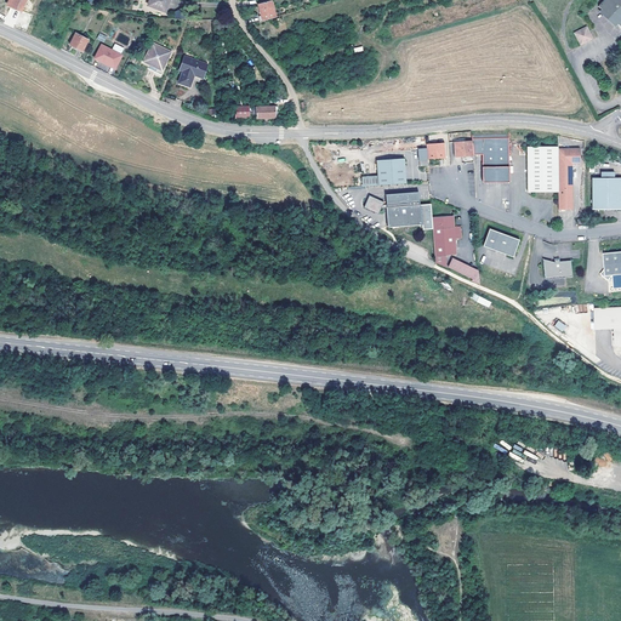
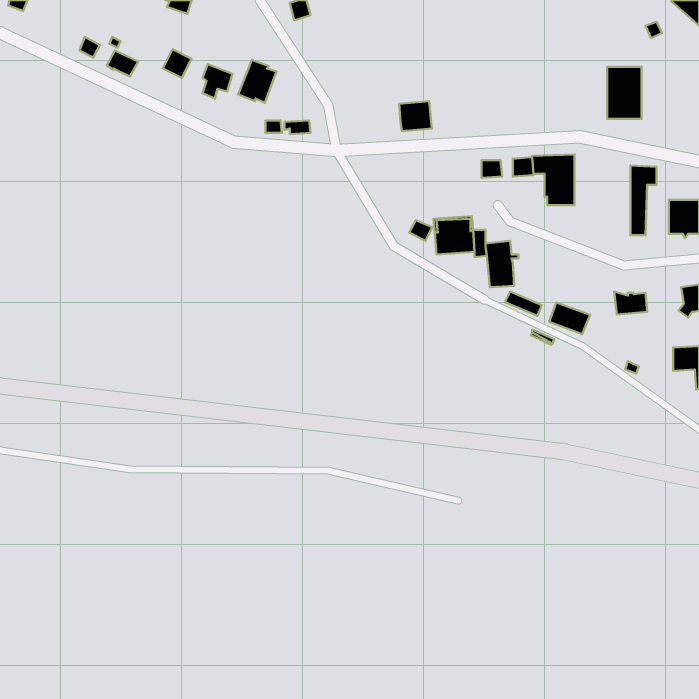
building: none -> [238,60,276,103]
building: [529,146,559,192] -> [607,67,641,119]
building: [377,158,406,184] -> [399,101,432,131]
building: [484,228,520,256] -> [549,303,590,334]

